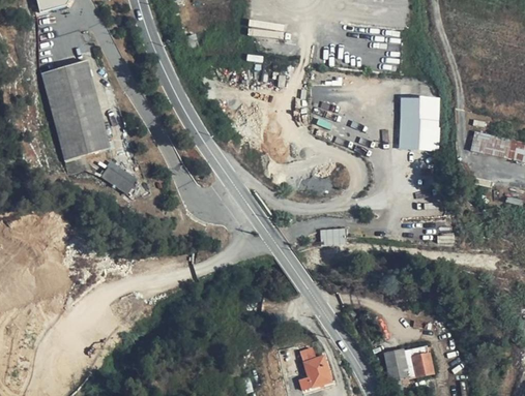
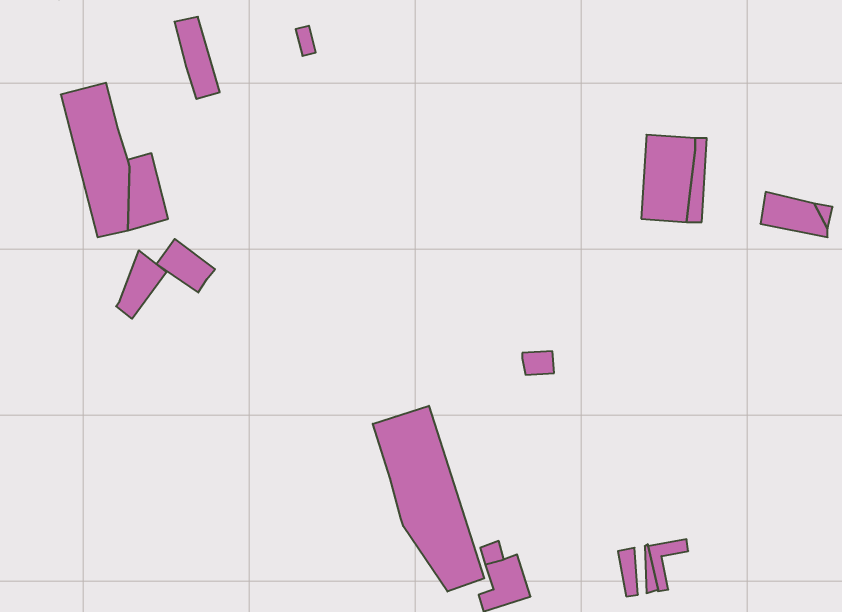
building: [69,61,97,112] -> [174,17,220,99]
building: none -> [116,250,167,319]
building: none -> [373,406,484,592]
building: [412,353,435,377] -> none

